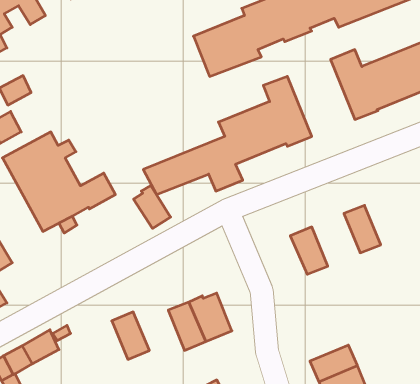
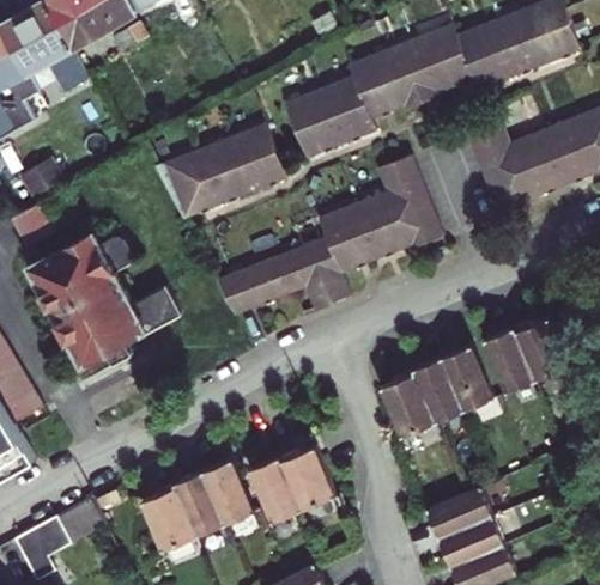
building: none -> [154,123,286,219]
building: [134,186,171,228] -> none
building: none -> [513,318,568,382]
building: none -> [442,346,492,410]
building: none -> [381,370,436,435]
building: none -> [204,459,254,523]
building: none -> [143,483,196,549]
building: none -> [428,486,491,537]

